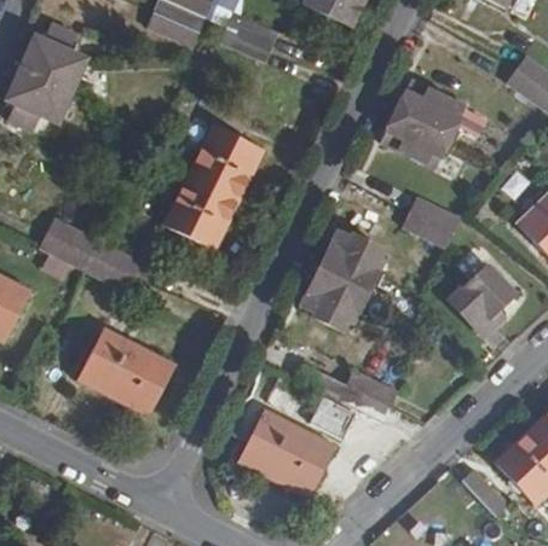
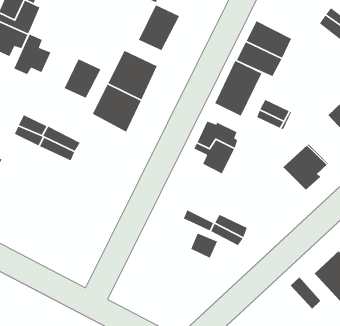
building: none -> [138,4,180,51]
building: none -> [13,33,52,75]
building: none -> [64,58,102,99]
building: none -> [214,60,263,117]
building: [300,273,358,329] -> none
building: [77,327,173,413] -> none
building: [240,410,333,495] -> none

